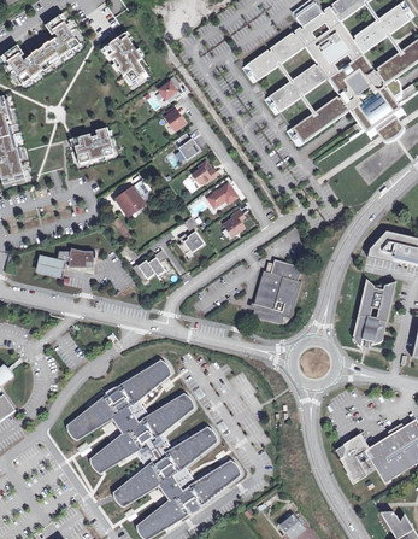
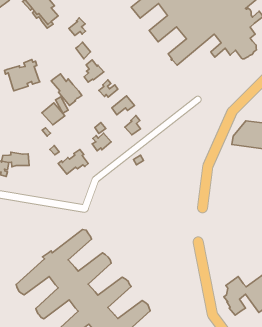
building: none -> [51,74,82,106]
building: [251,260,301,324] -> none
building: [353,280,395,346] -> none

